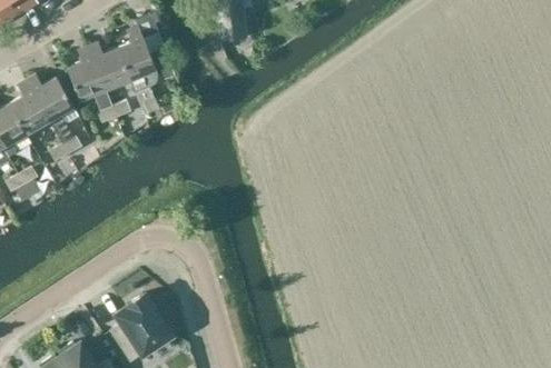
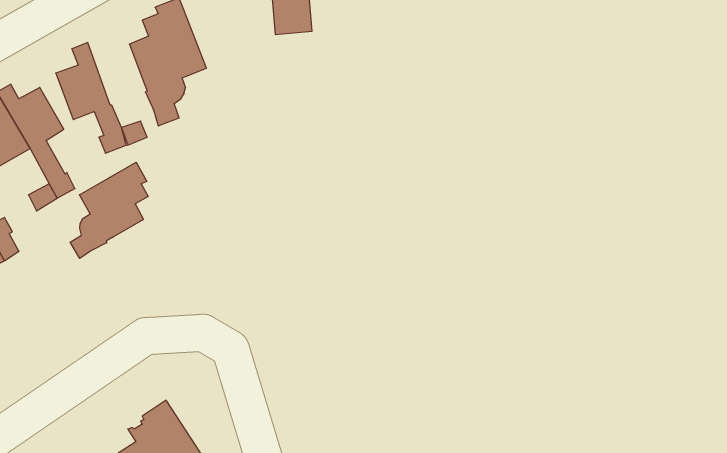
building: [89,41,130,89] -> none
building: none -> [70,162,148,258]

